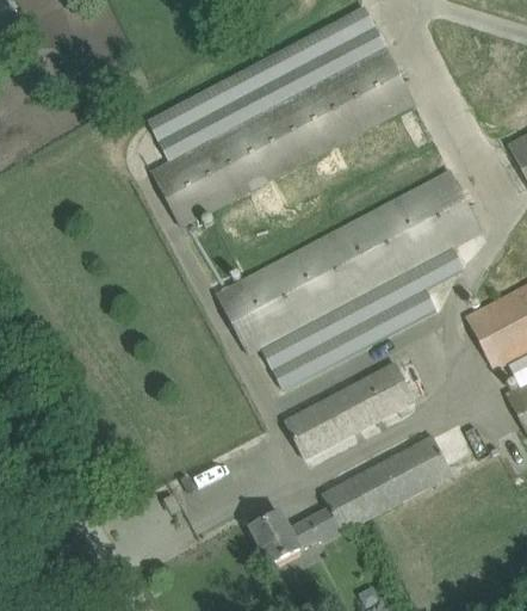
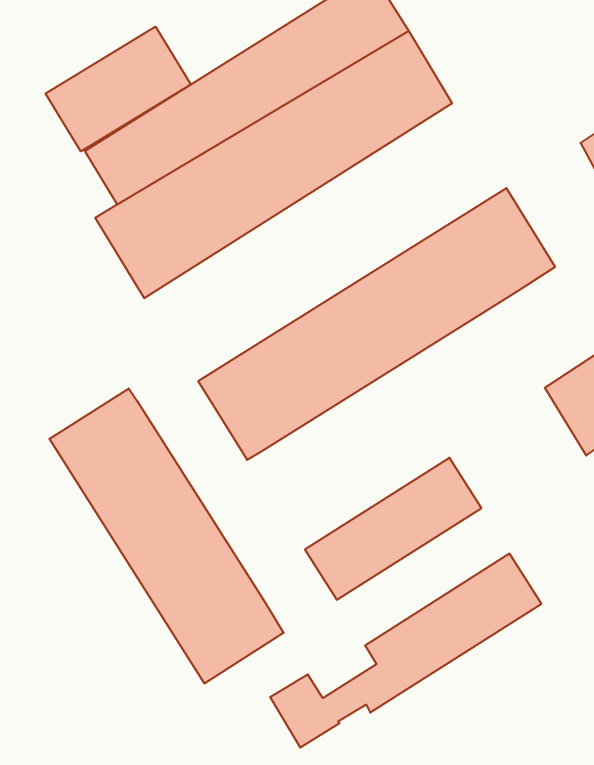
building: none -> [46,27,191,151]
building: [260,245,466,389] -> none
building: none -> [49,388,284,684]

